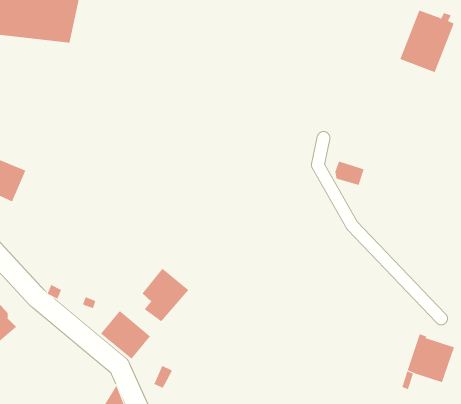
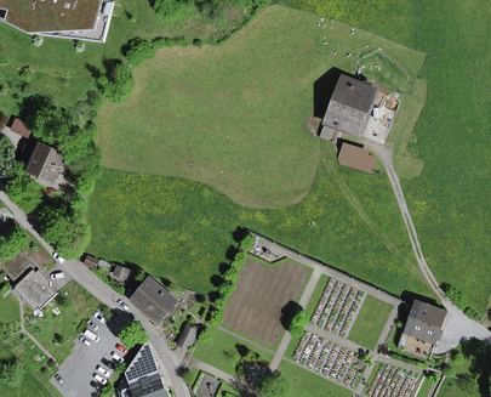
building: [400,10,454,73] -> [325,78,373,134]
building: [142,268,189,322] -> none

